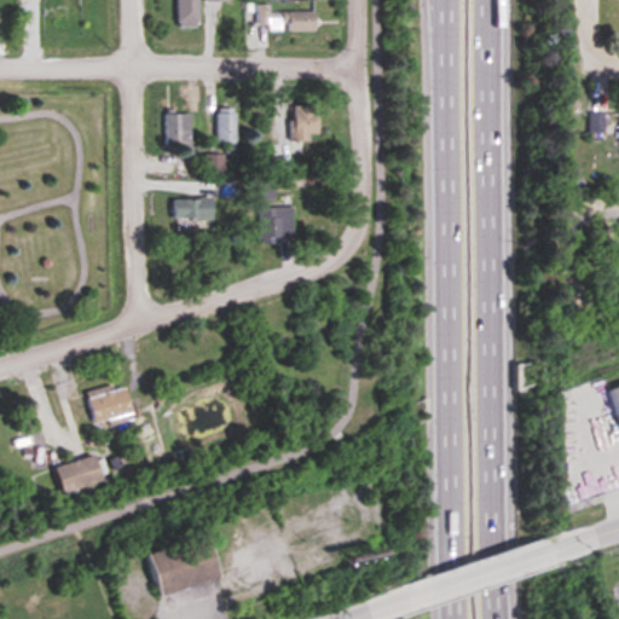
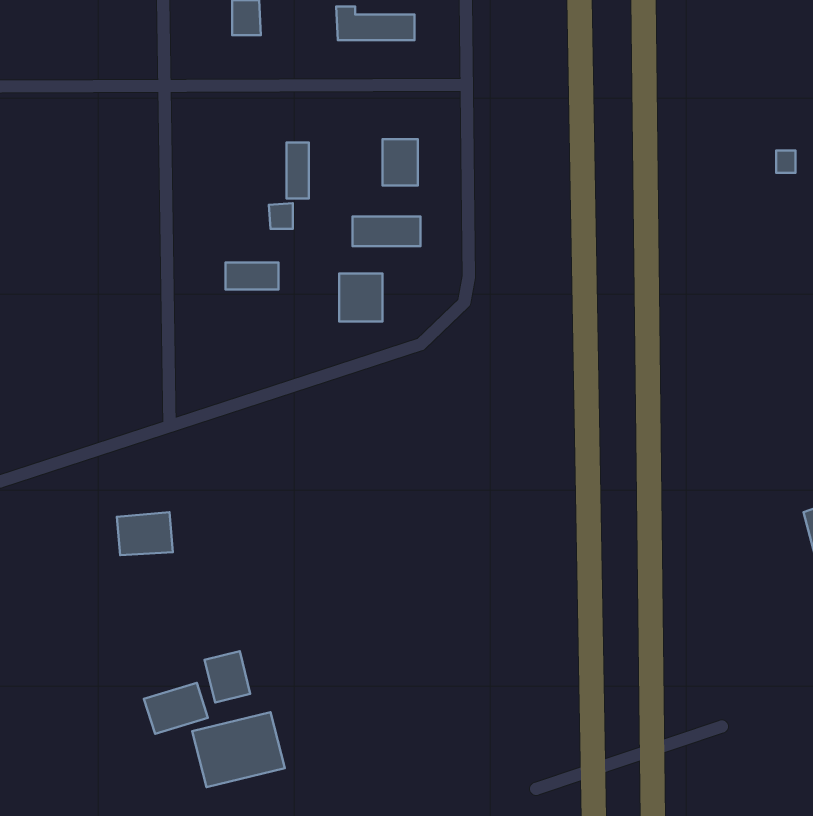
building: [167,115,193,144] -> none
building: none -> [353,216,421,246]
building: [58,456,106,494] -> [144,683,208,734]
building: none -> [205,651,250,703]

